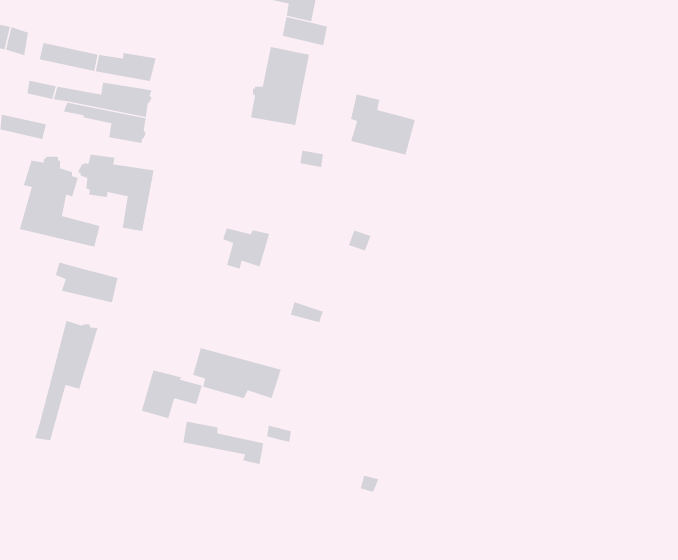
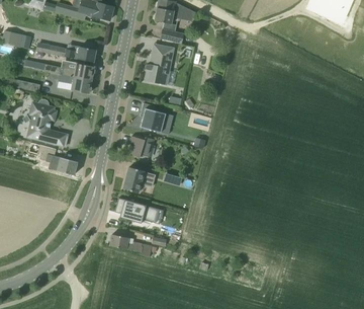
building: [350,94,416,155] -> [140,102,173,134]
building: [78,154,155,232] -> none
building: [34,320,98,441] -> none
building: [141,369,203,419] -> [122,165,154,190]

